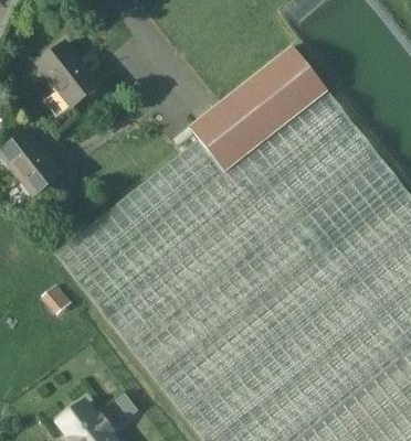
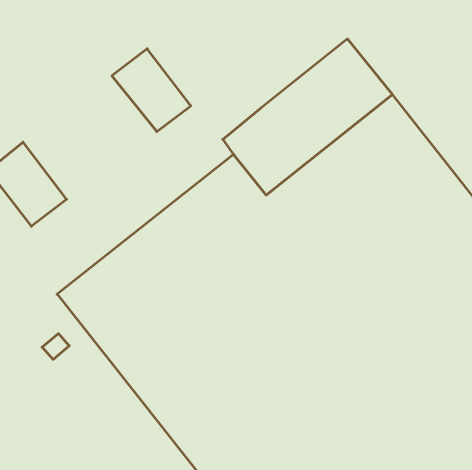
building: [38,42,102,109] -> [112,49,191,132]

